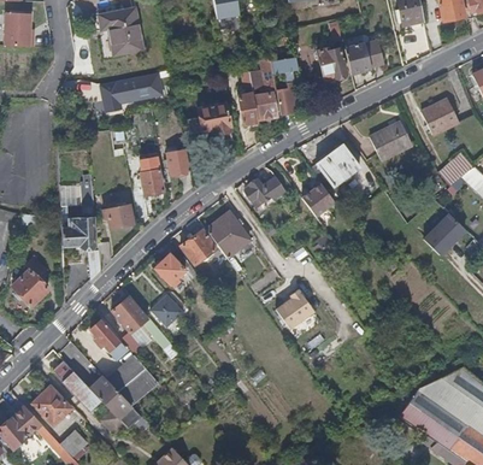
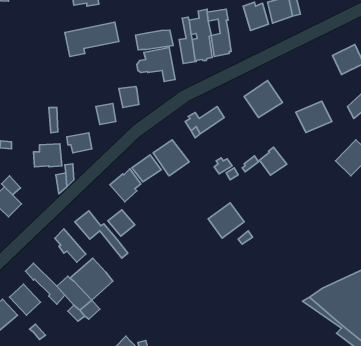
building: none -> [135,30,173,50]
building: [370,122,413,159] -> [296,101,332,132]
building: [302,182,335,216] -> [260,147,287,175]

